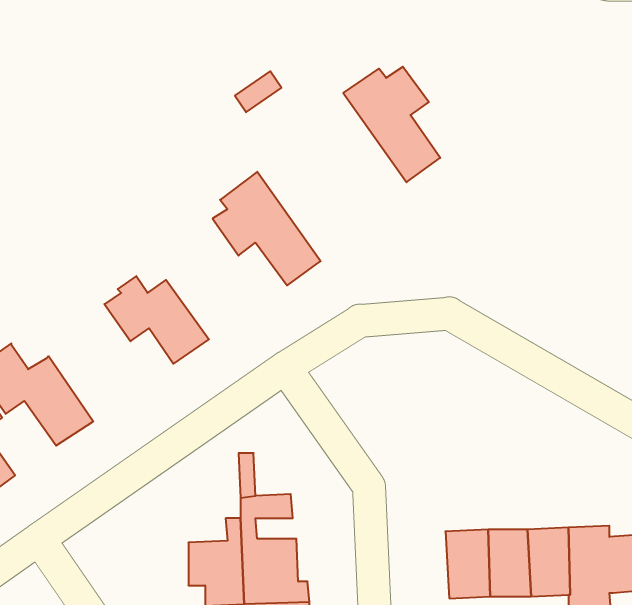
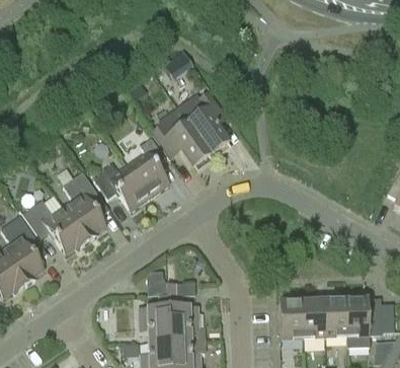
building: [343,67,440,182] -> [177,92,230,155]
building: none -> [128,138,170,198]
building: none -> [64,171,108,242]

